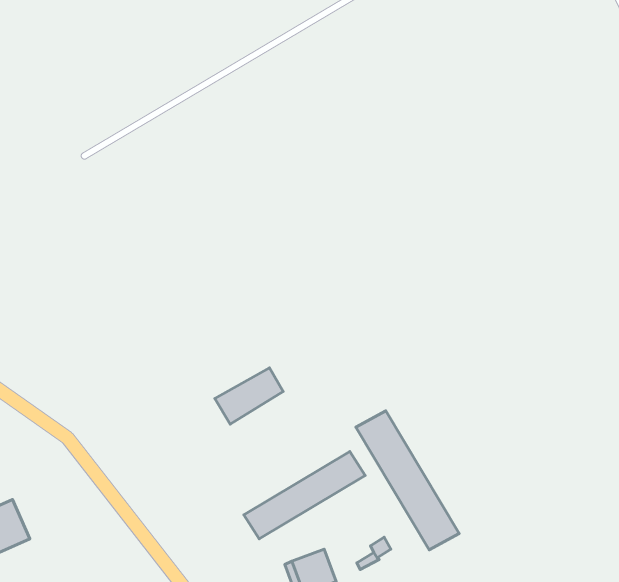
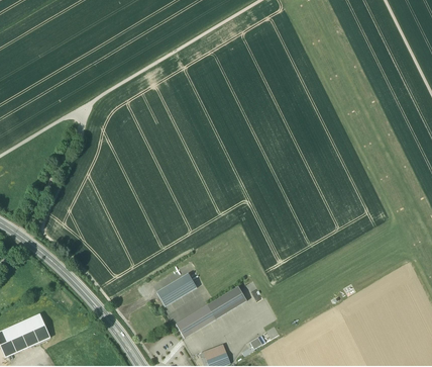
building: [215,368,283,424] -> [156,273,197,306]
building: [356,411,459,550] -> none

